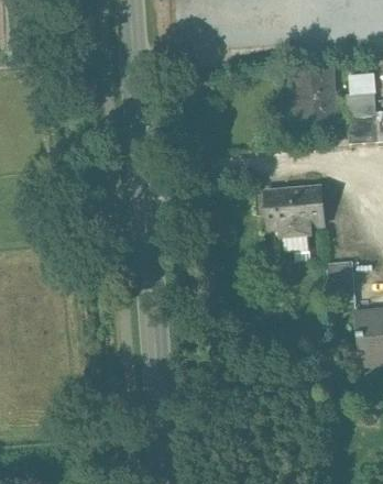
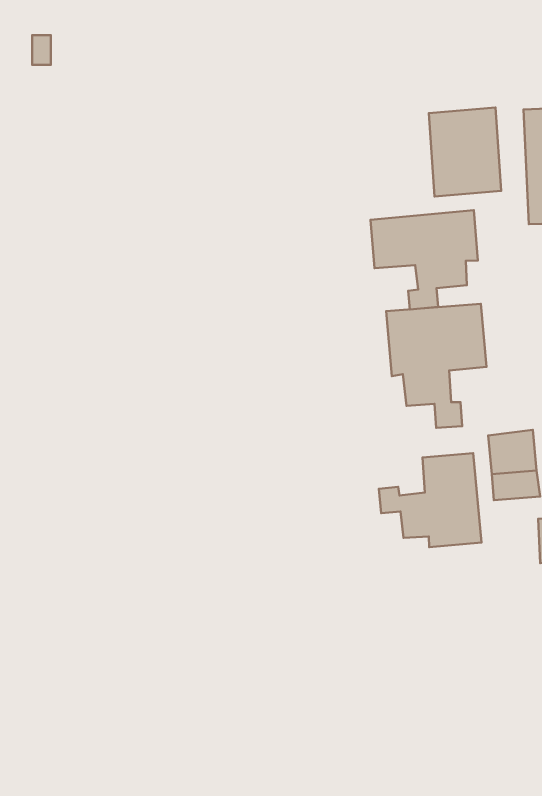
building: none -> [371,210,478,309]
building: none -> [379,453,482,547]

